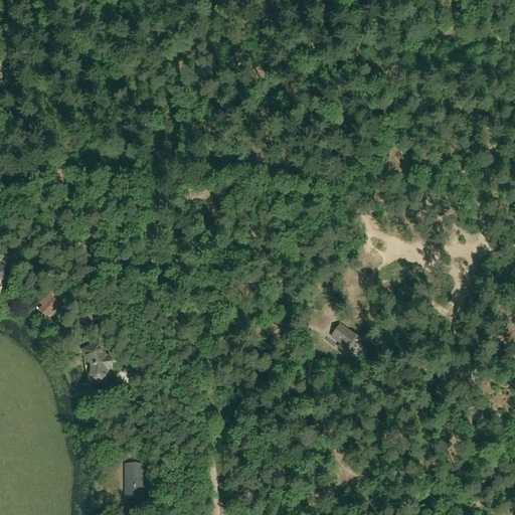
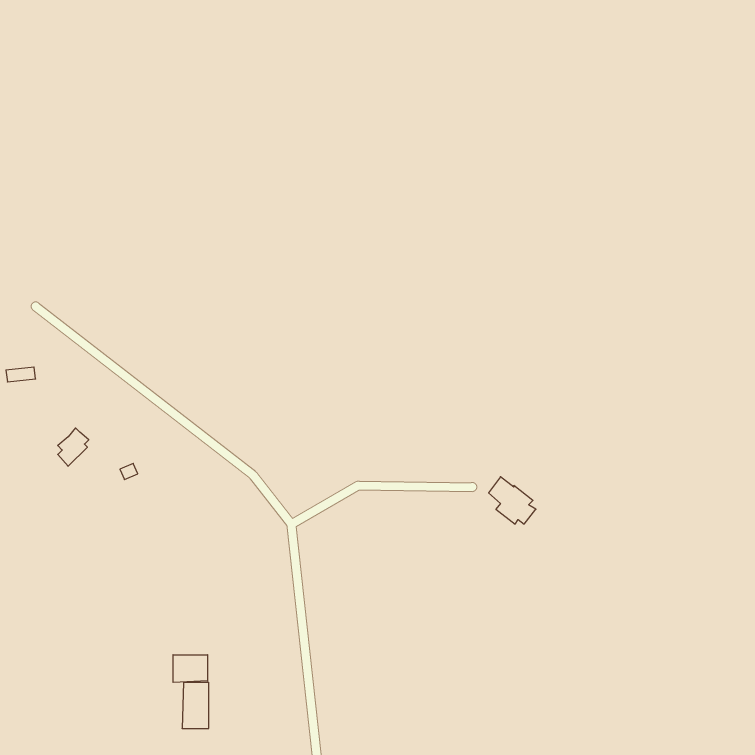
building: [84,345,109,381] -> none
building: none -> [173,655,208,682]

